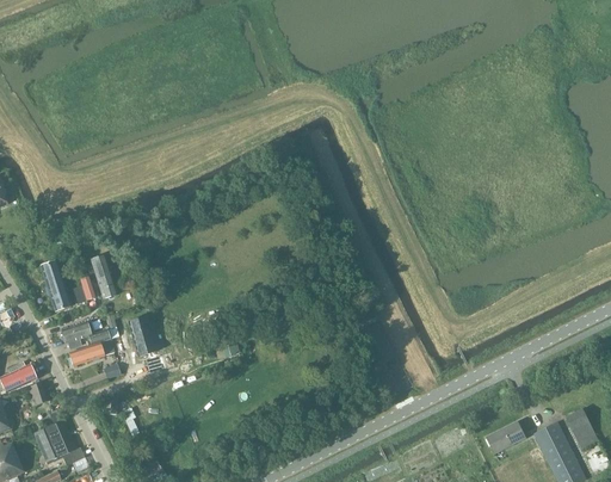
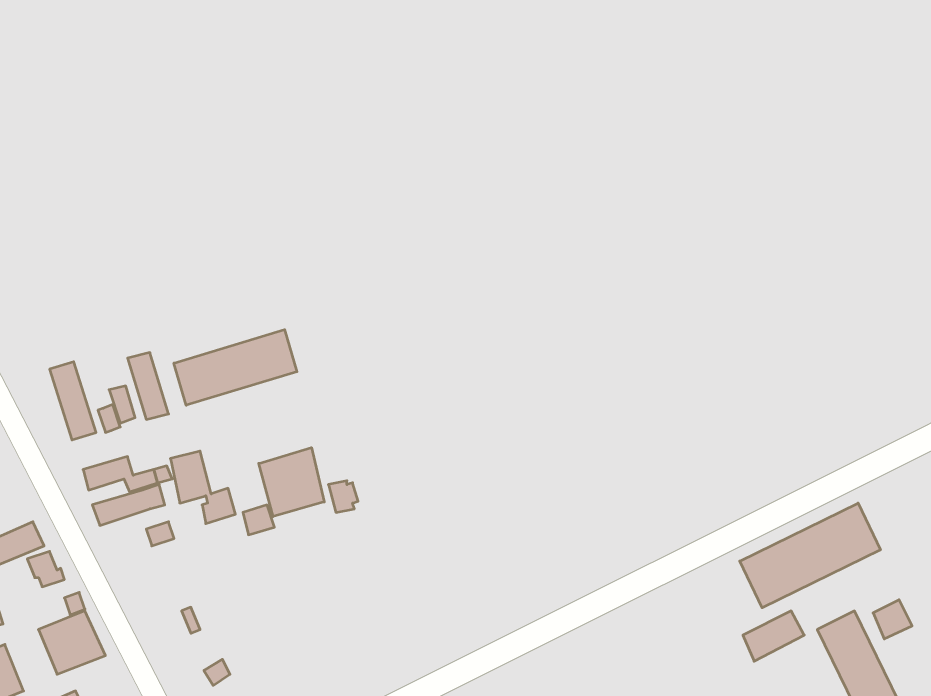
building: none -> [174,330,297,405]
building: none -> [259,448,324,517]
building: none -> [740,503,880,608]

